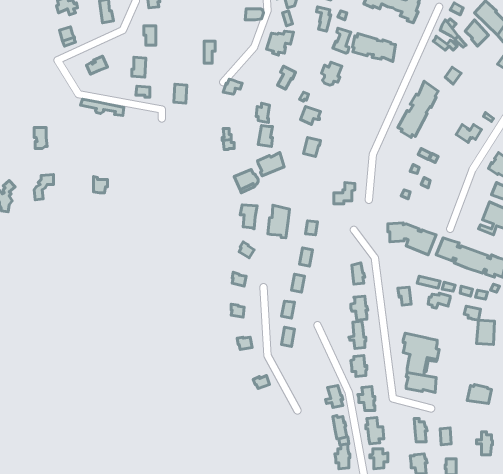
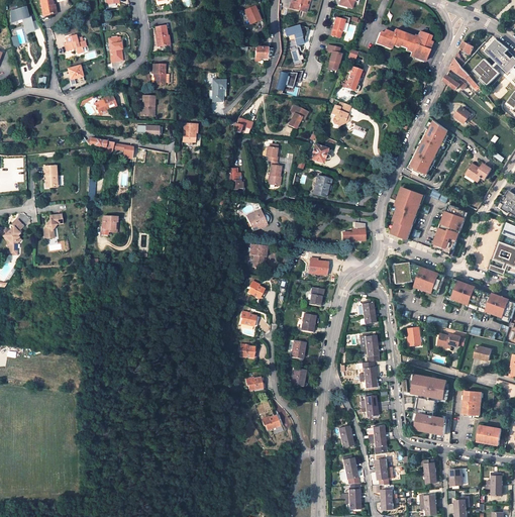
building: [352,34,395,61] -> none
building: none -> [393,187,423,238]
building: [258,153,284,176] -> none
building: none -> [433,204,469,255]
building: [268,205,290,238] -> none
building: [476,320,494,344] -> [464,391,482,415]

